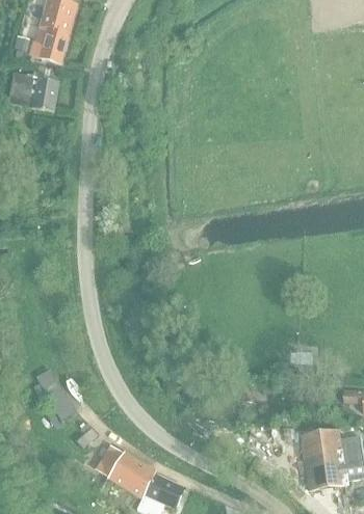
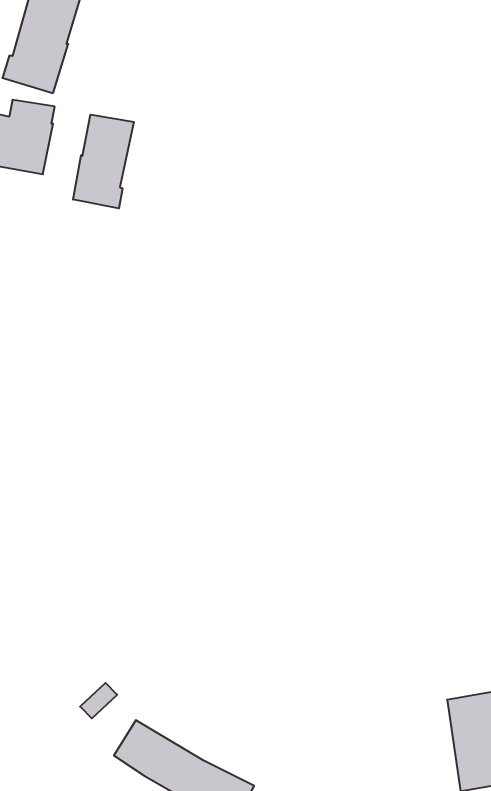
building: none -> [73,115,134,208]
building: [34,367,76,418] -> none

